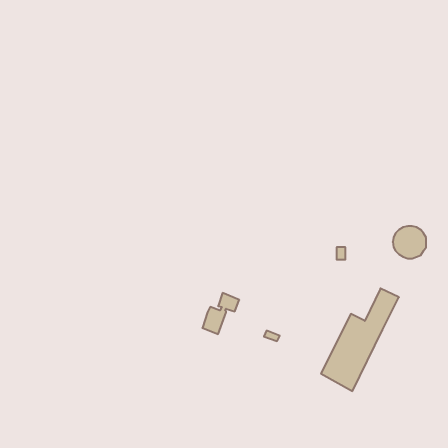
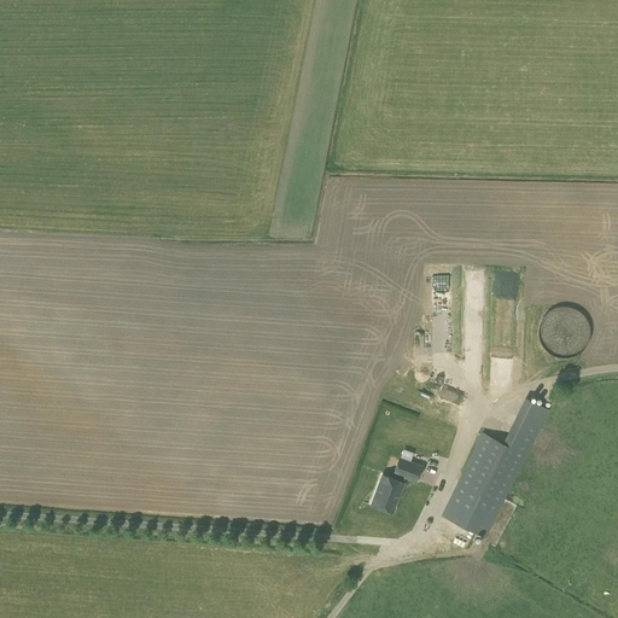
building: [202,293,239,334] -> [372,456,422,513]

